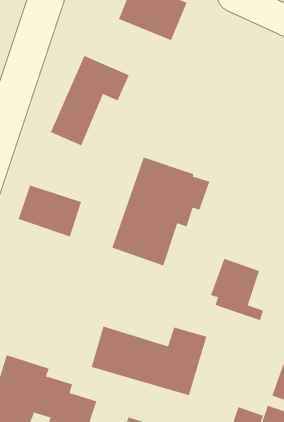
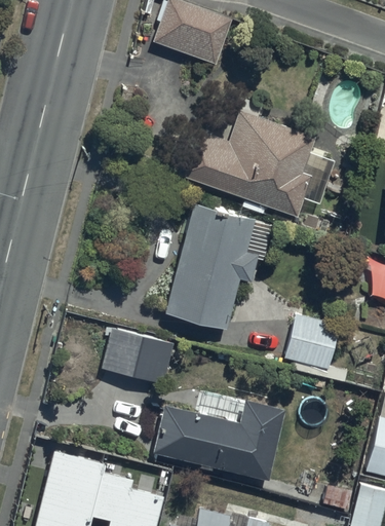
building: [50,55,130,146] -> none
building: none -> [178,112,336,218]
building: [18,185,82,237] -> [102,328,175,385]

